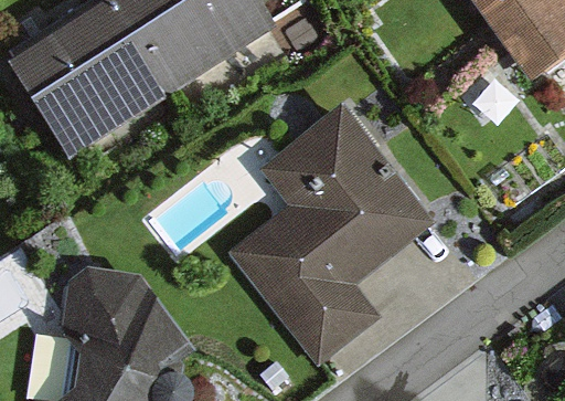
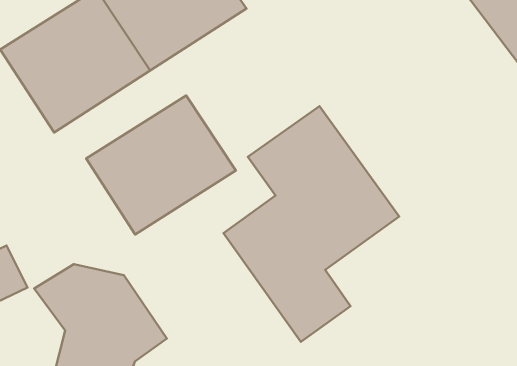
building: none -> [86,95,236,235]

